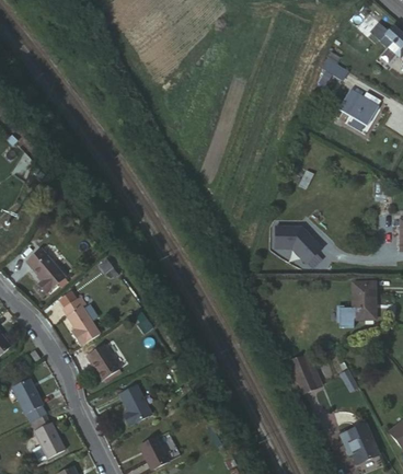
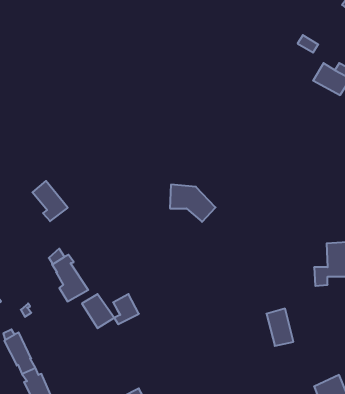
building: [274,224,322,264] -> [170,185,216,222]
building: [27,250,65,292] -> [32,181,68,221]
building: [122,394,149,426] -> [113,294,139,324]

